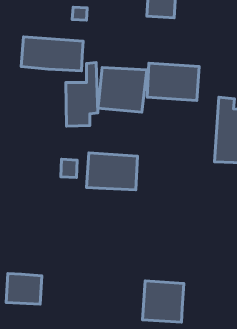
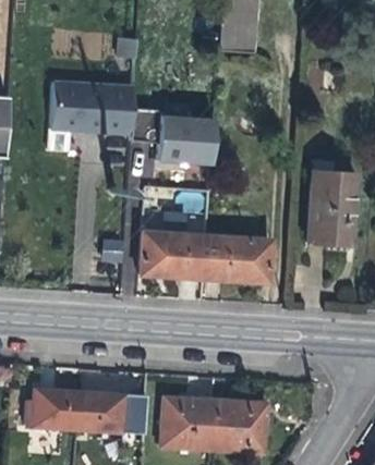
building: [147,63,199,100] -> [205,234,274,283]
building: none -> [78,392,148,433]
building: none -> [161,395,217,450]

